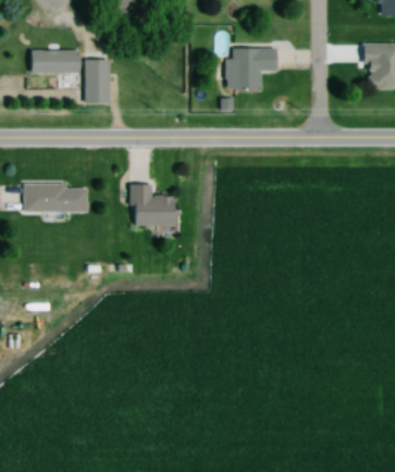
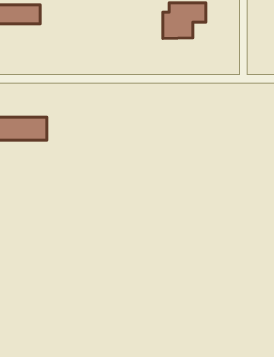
building: [85,61,111,103] -> none
building: [132,183,174,225] -> none

